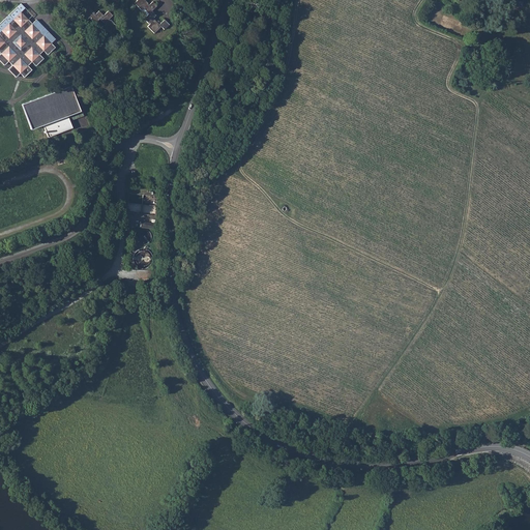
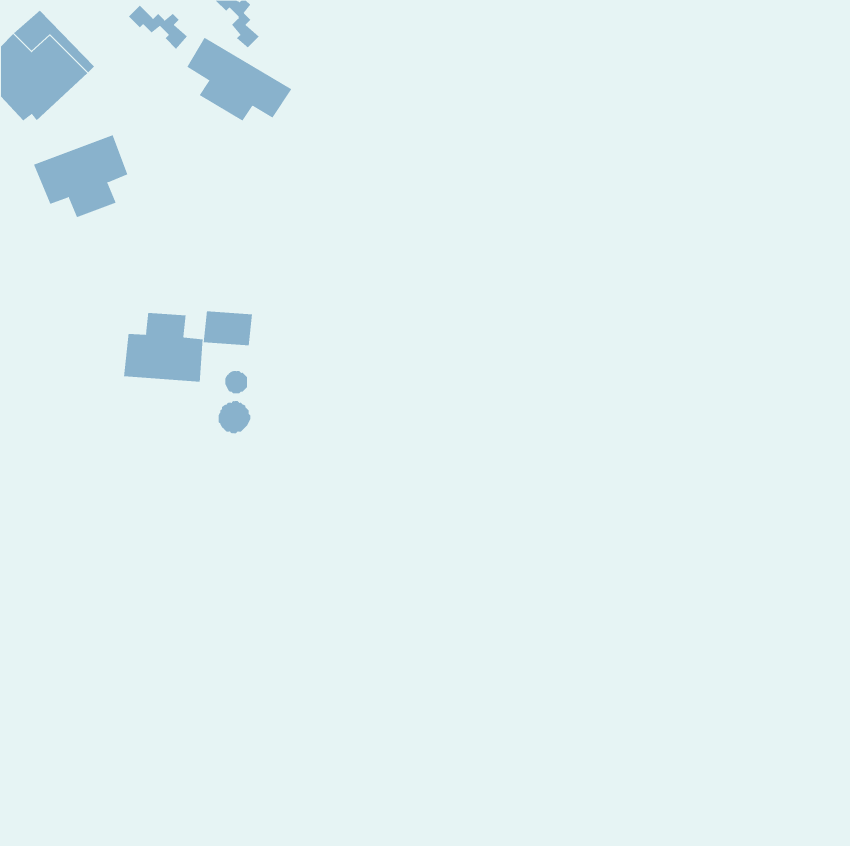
building: none -> [187,37,292,121]
building: none -> [124,312,203,382]

